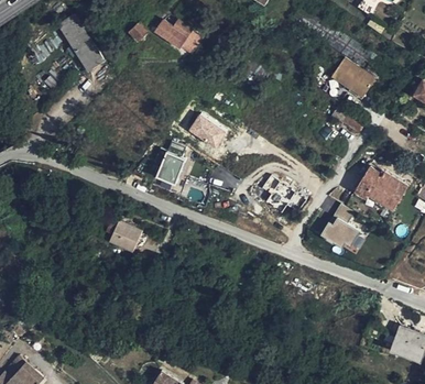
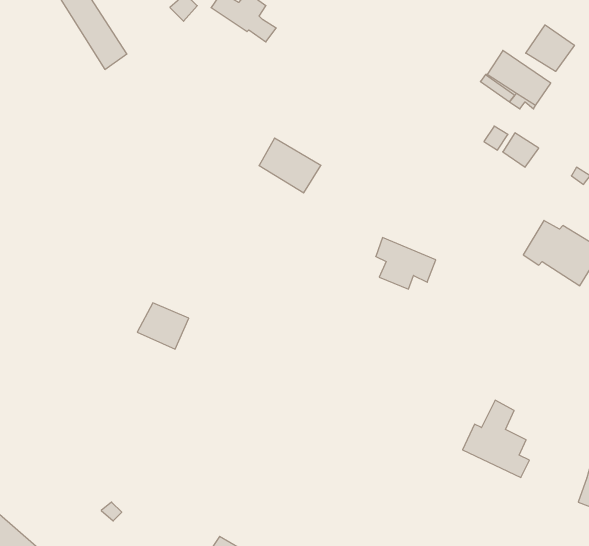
building: none -> [526,25,574,71]
building: [154,141,185,187] -> none
building: [318,207,361,256] -> [463,400,529,477]

